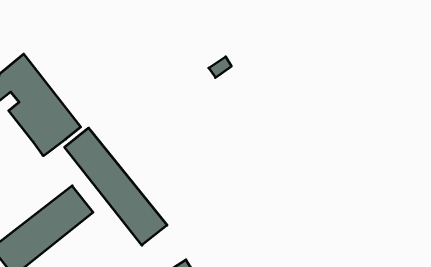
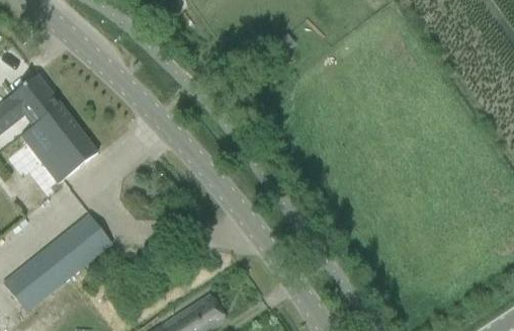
building: [65,128,167,245] -> none

